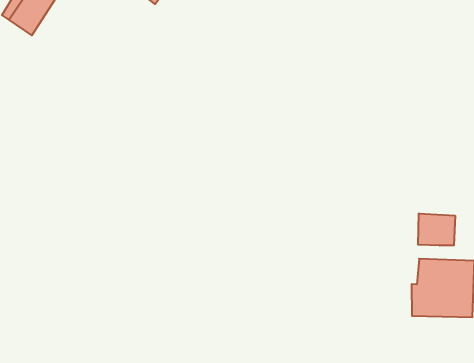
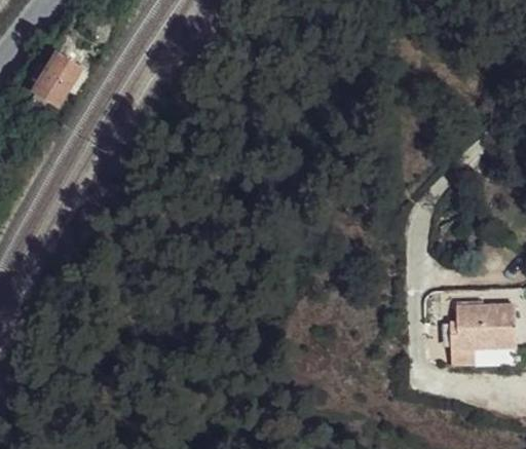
building: [418,213,455,246] -> none

